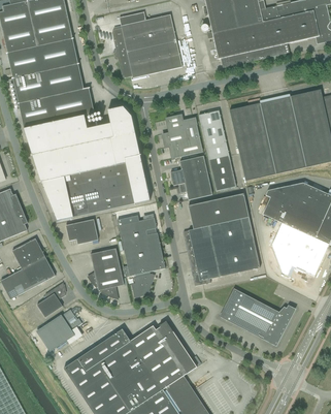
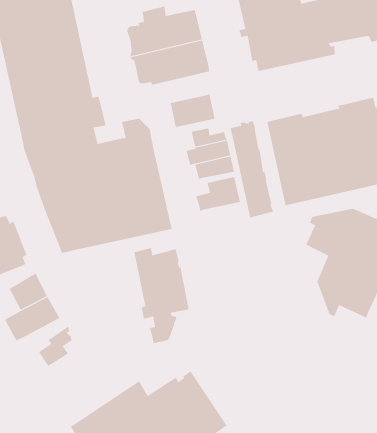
building: none -> [170,94,215,128]
building: [178,178,212,199] -> none
building: [184,193,260,286] -> none
building: [67,219,98,244] -> none
building: [88,248,124,298] -> none
building: [222,288,295,346] -> none
building: [42,309,81,347] -> none

